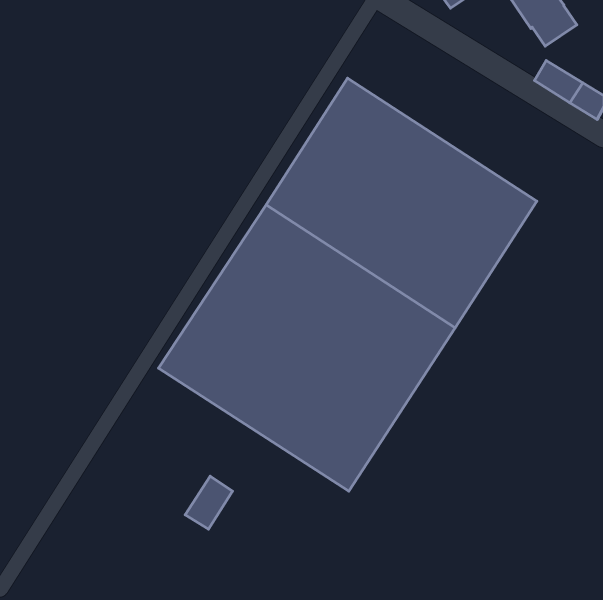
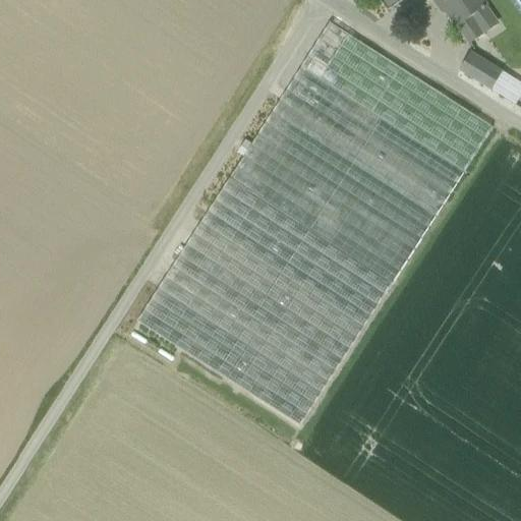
building: none -> [300,21,493,173]
building: [185,476,232,529] -> none

